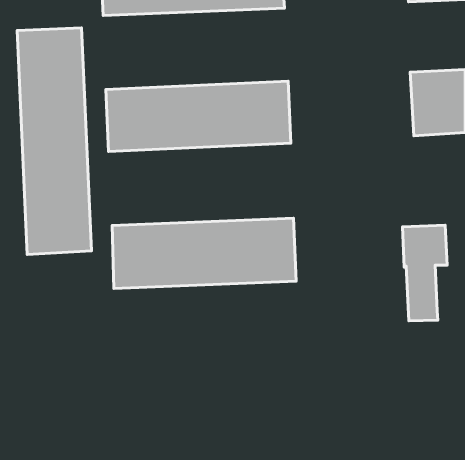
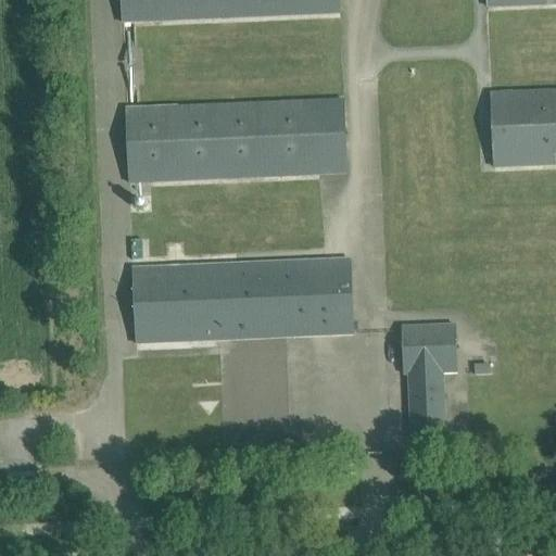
building: [17,28,91,255] -> none
building: [402,225,447,321] -> [403,318,456,432]

